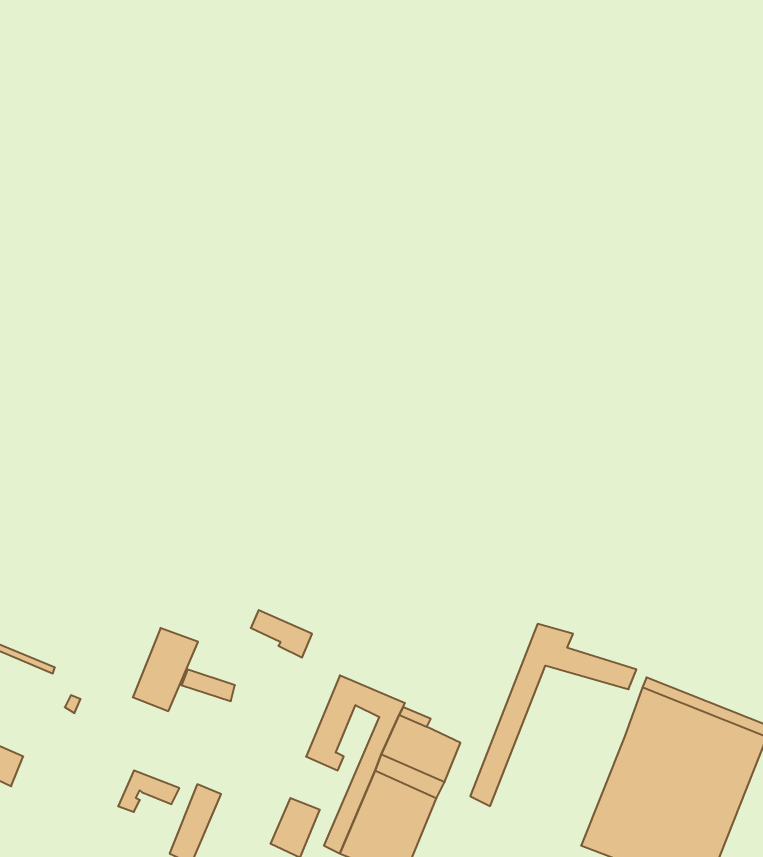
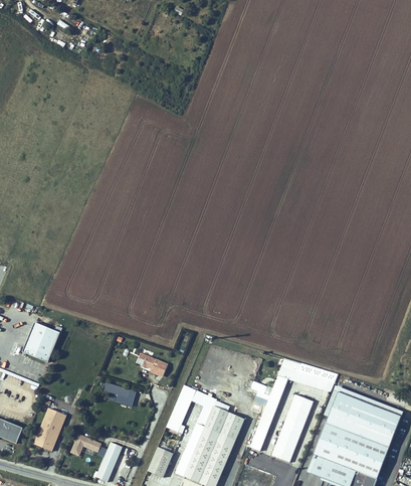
building: none -> [21,321,59,361]
building: [133,628,198,711] -> [33,409,66,451]
building: none -> [271,396,313,463]

